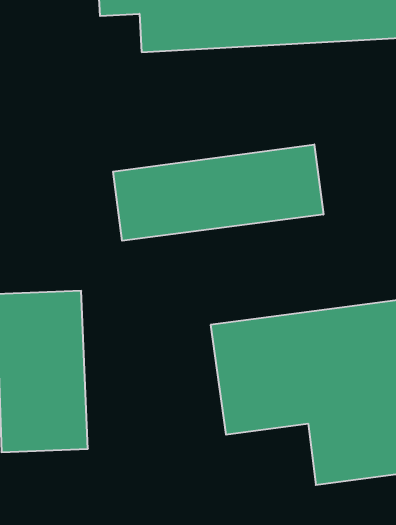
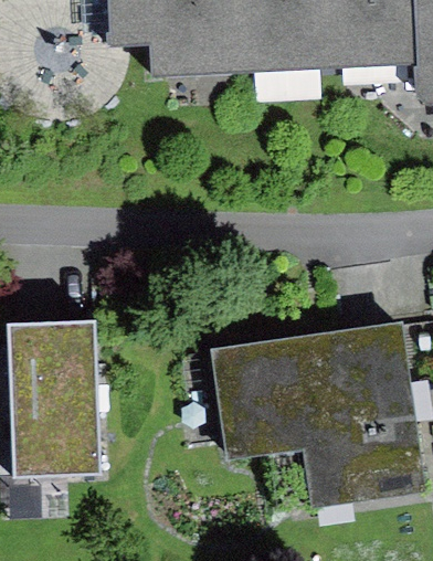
building: [113,144,323,241] -> none

